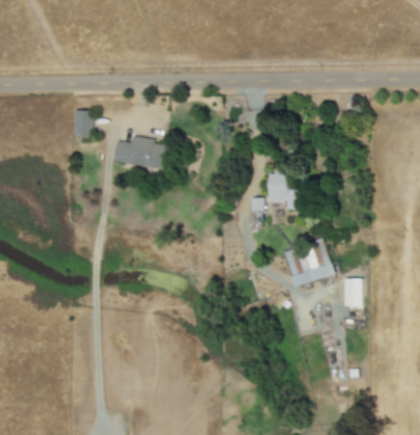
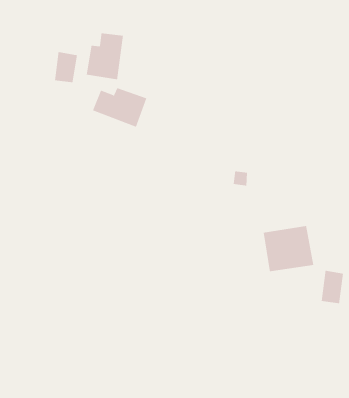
building: none -> [86,33,123,80]
building: [268,171,304,210] -> none

